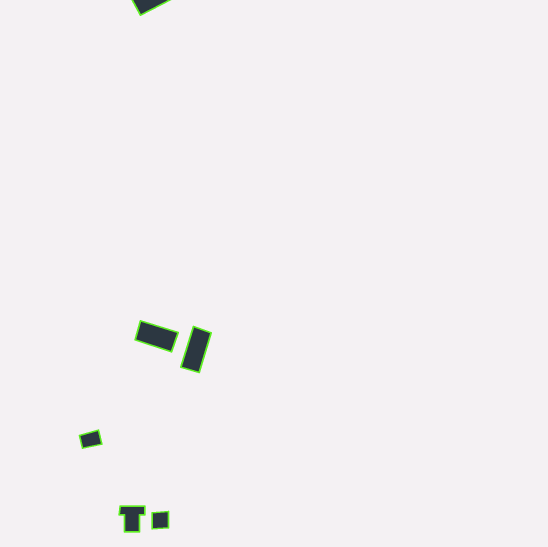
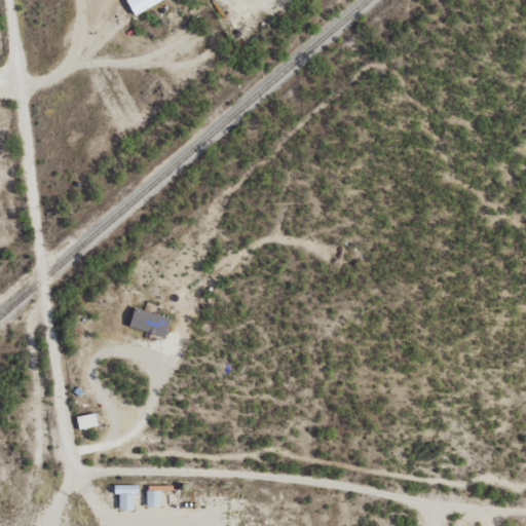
building: [181,326,211,373] -> none

